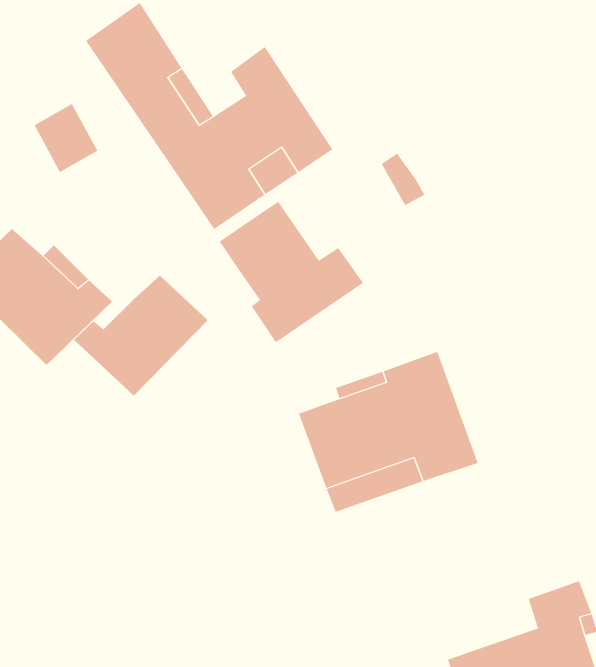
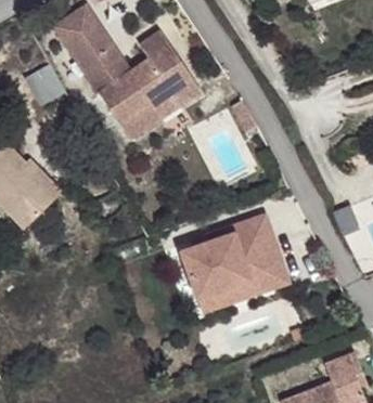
building: [219,201,364,343] -> none
building: [73,275,209,397] -> none

